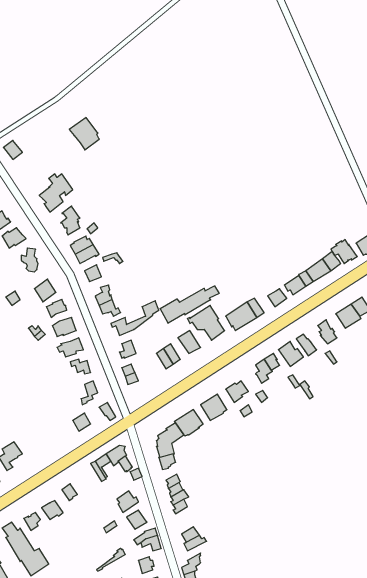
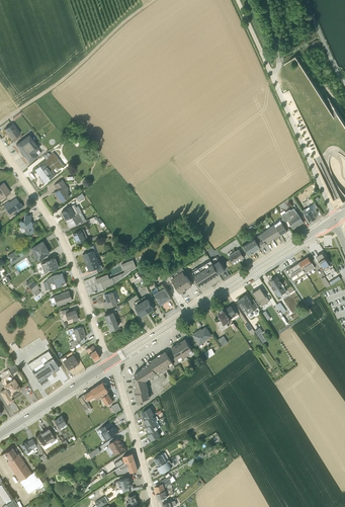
building: [69,118,99,150] -> [15,136,40,163]
building: [160,286,219,323] -> none
building: none -> [26,352,59,383]

